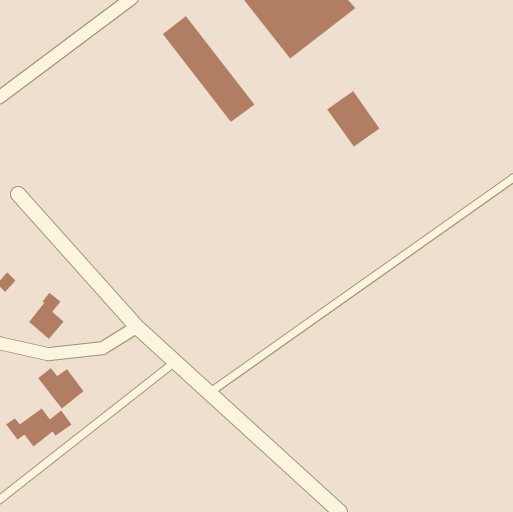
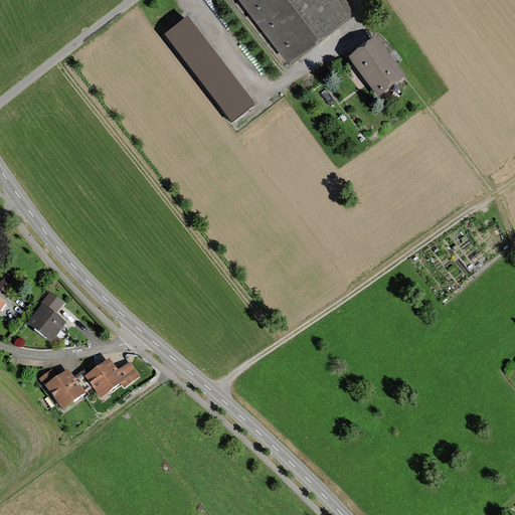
building: [326,90,381,148] -> [349,37,403,95]
building: [5,407,72,448] -> [72,358,140,398]

